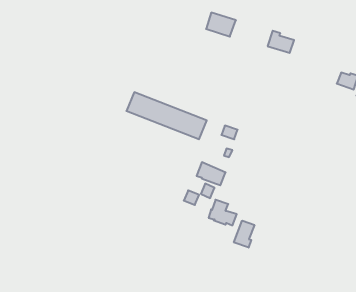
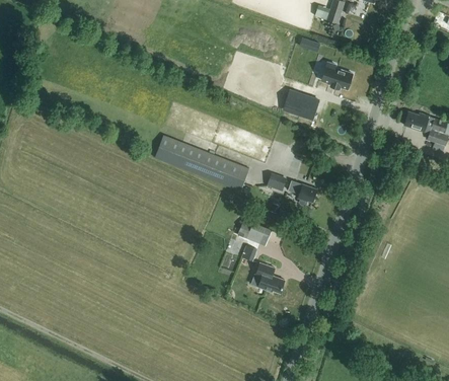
building: [206,13,236,37] -> [284,90,319,119]
building: none -> [288,179,317,205]
building: [234,221,254,248] -> none

